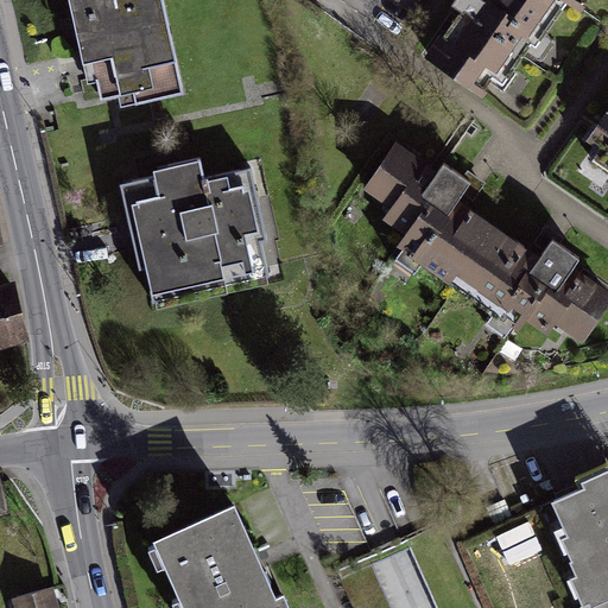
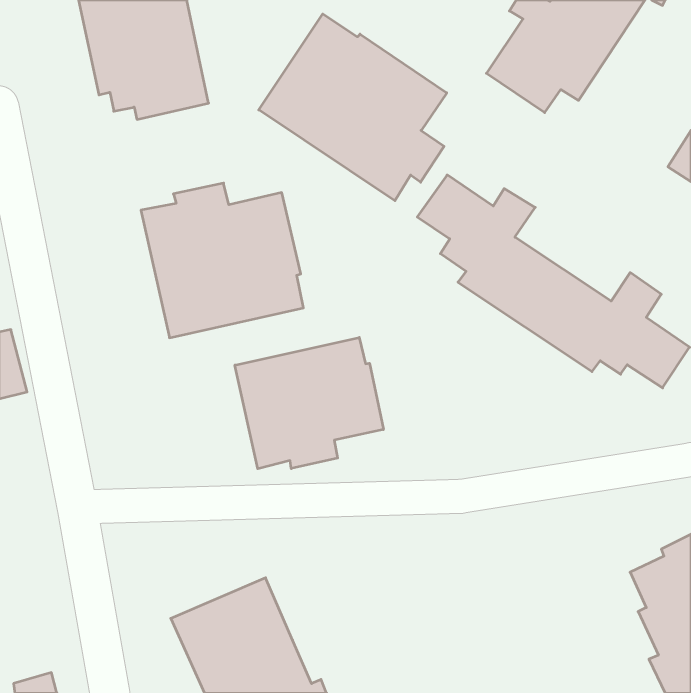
building: none -> [259,14,447,201]
building: none -> [235,337,383,469]

